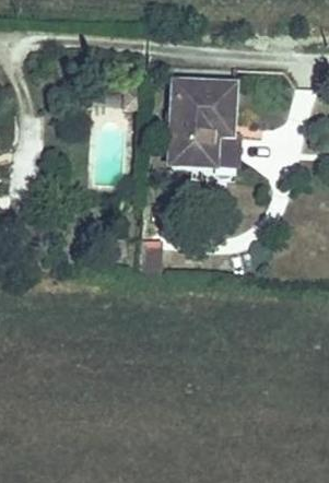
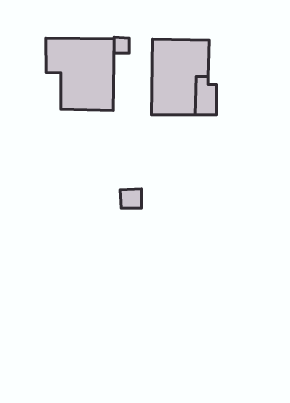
building: none -> [46,38,114,110]

